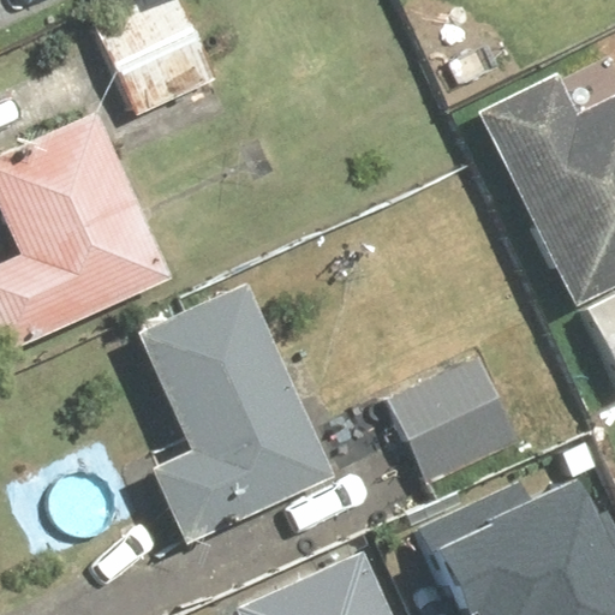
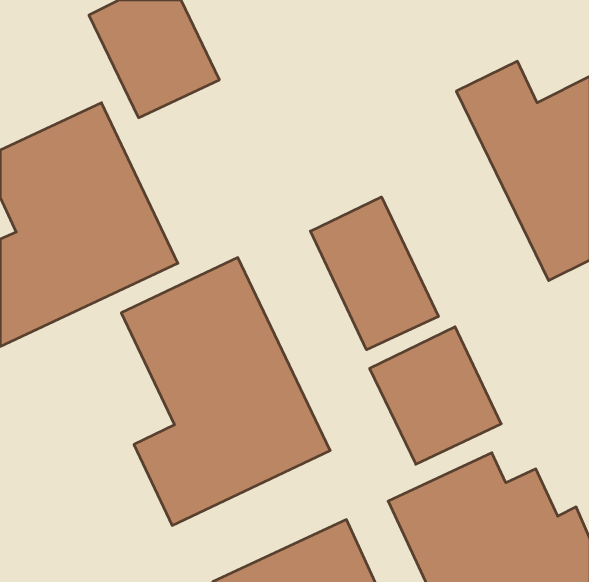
building: none -> [310,197,438,350]

